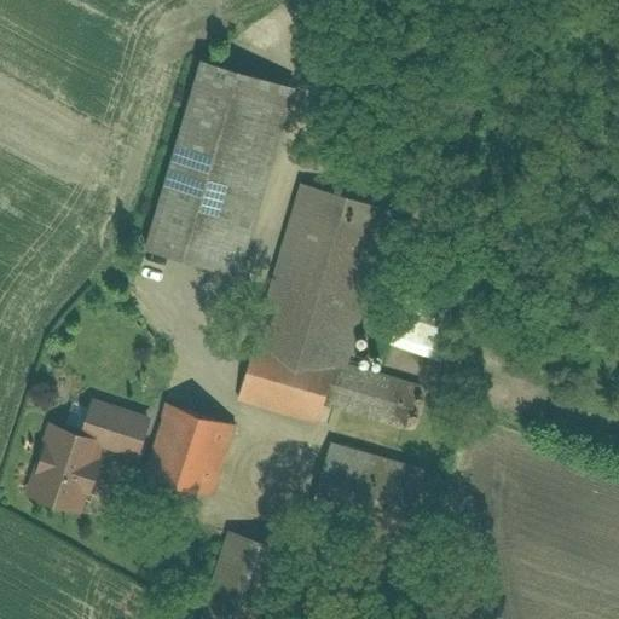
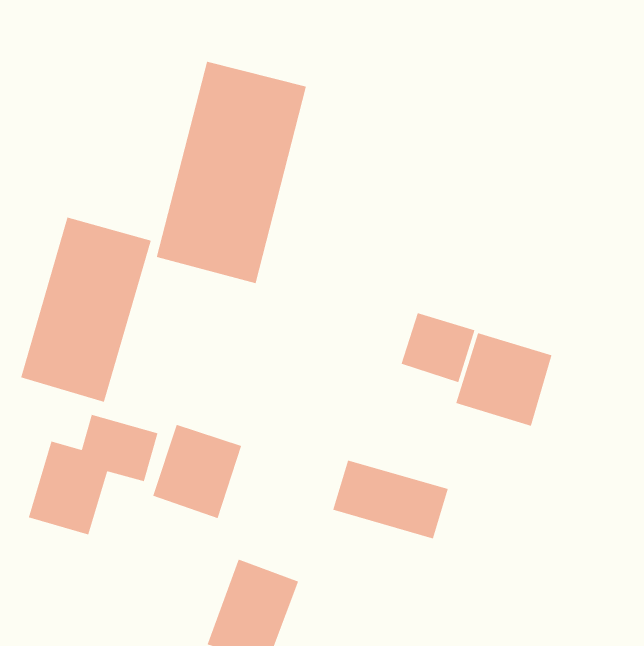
building: [237,186,417,435] -> none
building: none -> [20,216,152,403]
building: none -> [455,332,552,427]

